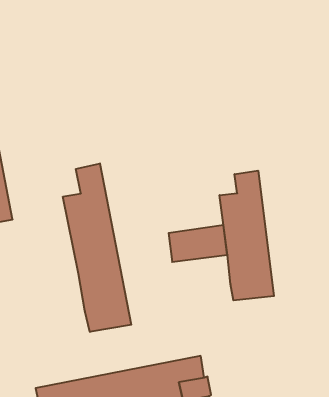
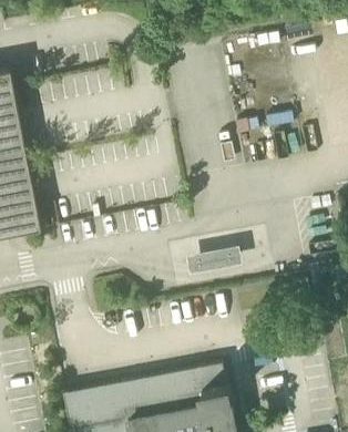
building: [63,163,131,332] -> none
building: [220,171,274,300] -> none

